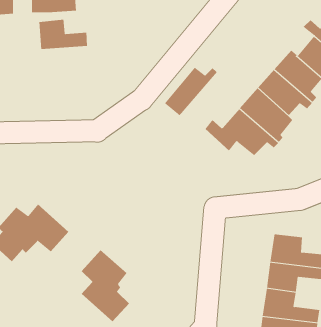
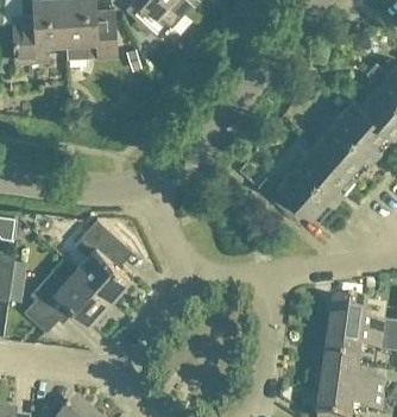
building: [39,19,87,50] -> none
building: [164,67,218,116] -> none
building: [81,249,130,322] -> [75,217,128,297]

